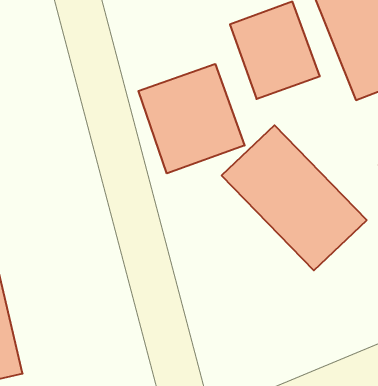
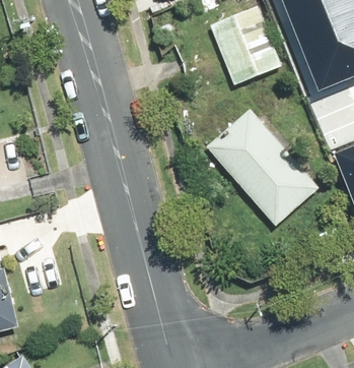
building: [138,64,245,173] -> none

